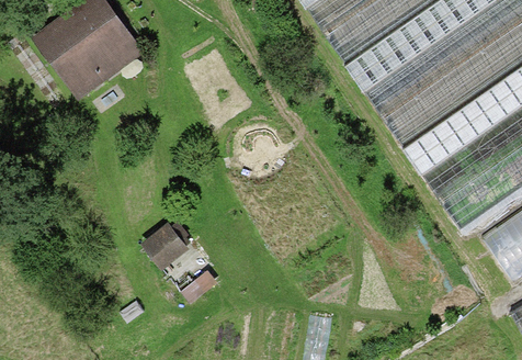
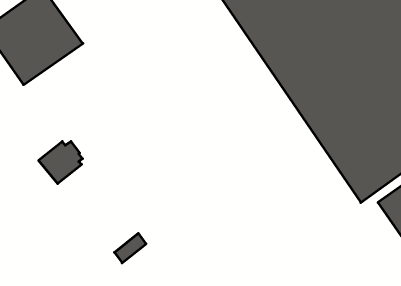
building: [141,221,192,269] -> [39,141,83,184]

